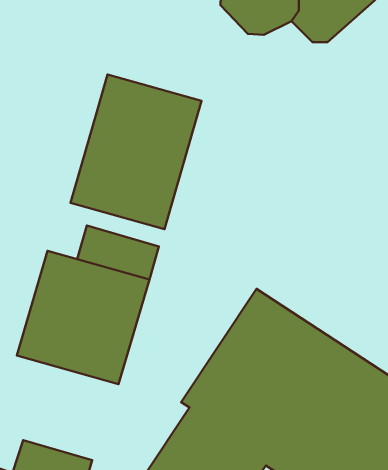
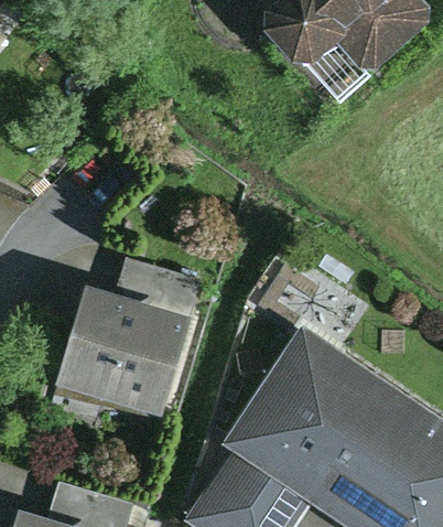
building: [70,74,202,229] -> none

